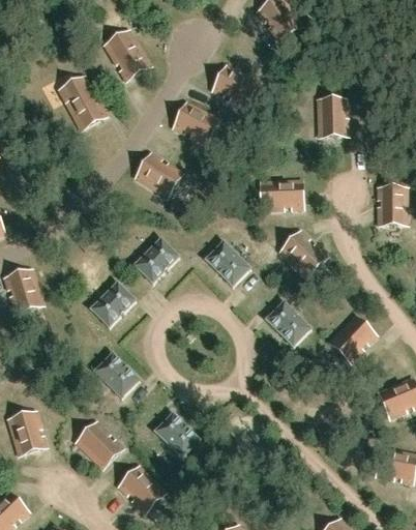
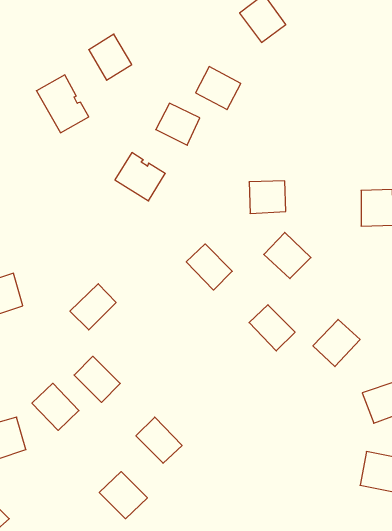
building: [317,99,350,135] -> none
building: [132,238,178,283] -> none
building: [76,421,122,468] -> [32,383,79,430]

